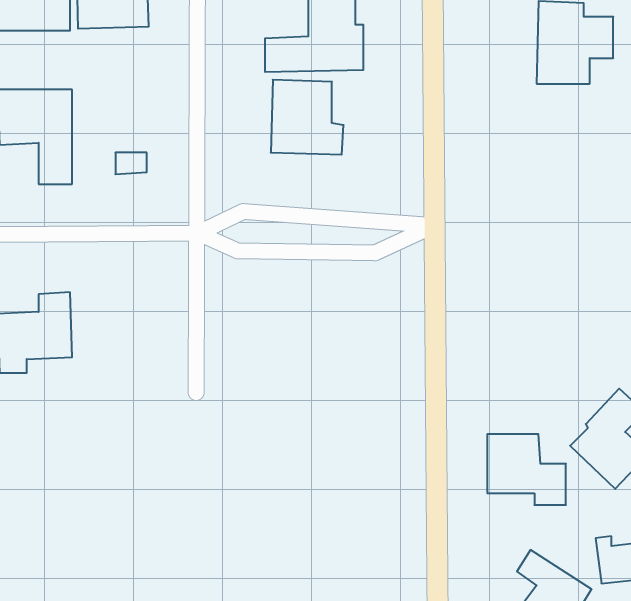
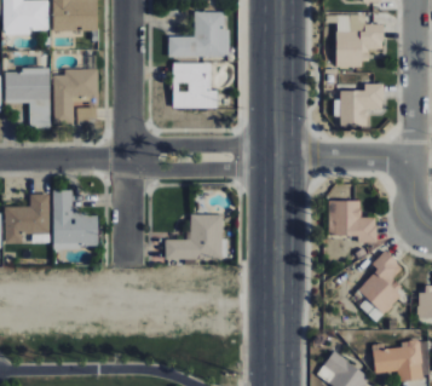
building: none -> [52,69,98,123]
building: none -> [336,83,384,126]
building: none -> [52,190,98,249]
building: none -> [163,214,221,260]
building: [487,434,566,505] -> [328,200,376,243]

